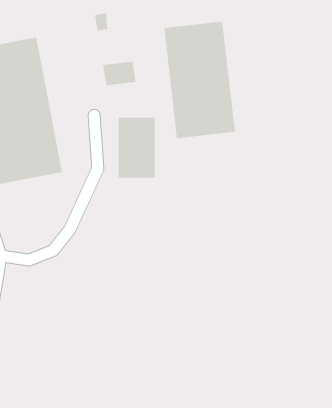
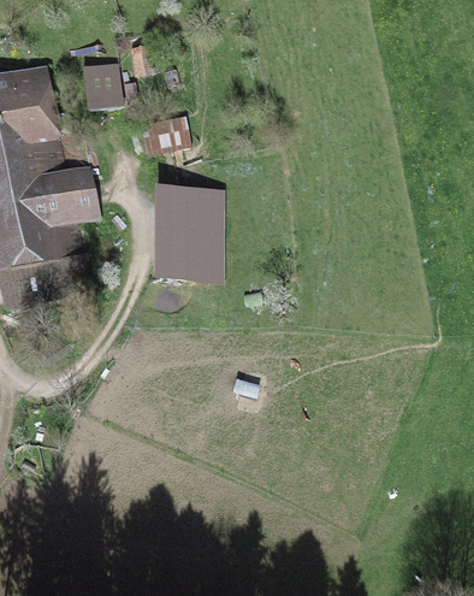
building: [164,21,235,139] -> none
building: none -> [83,57,120,100]

